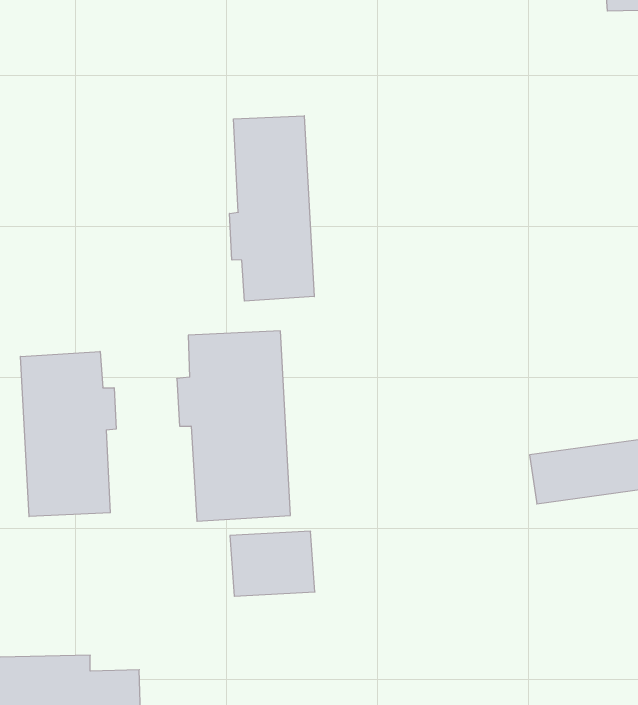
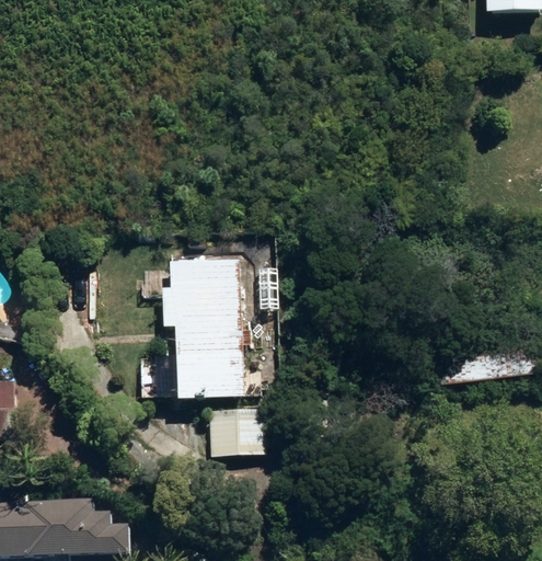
building: [230,116,314,301] -> none
building: [20,351,116,517] -> none

